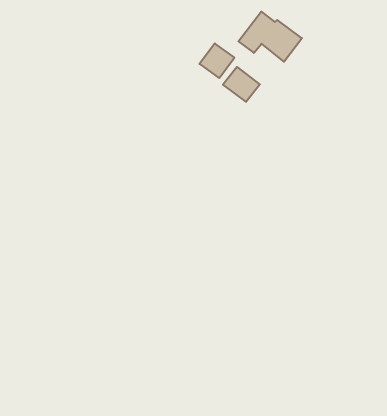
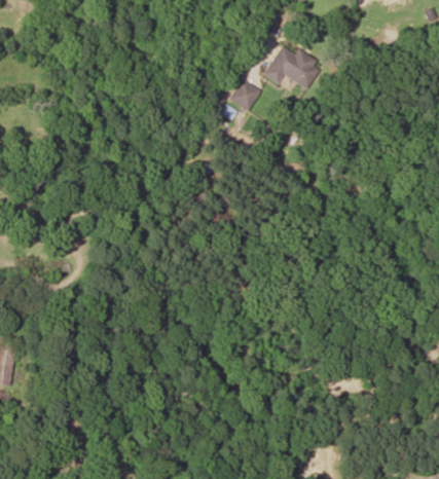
building: [223,67,260,102] -> none

